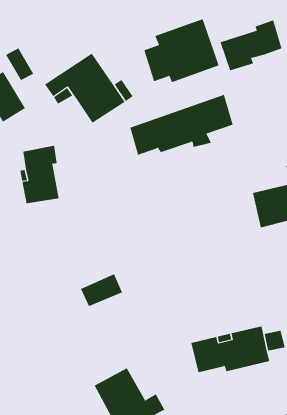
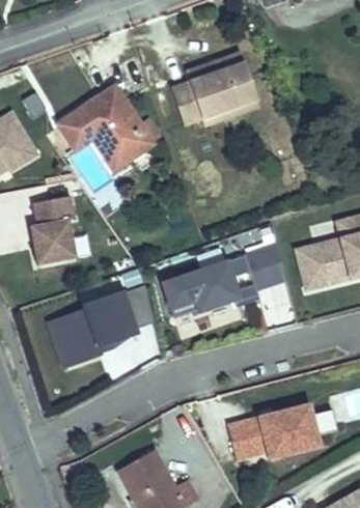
building: [220,20,282,71] -> none
building: [129,94,233,156] -> [164,246,283,316]
building: none -> [49,287,150,369]

